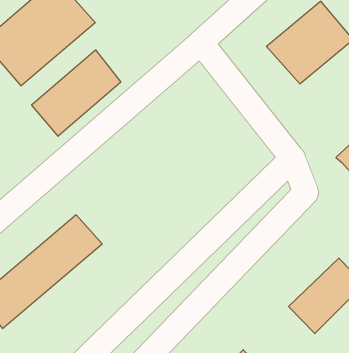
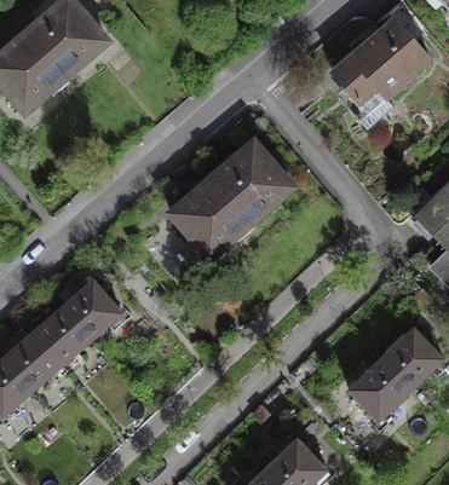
building: [32,50,121,136] -> none
building: none -> [166,140,290,259]

